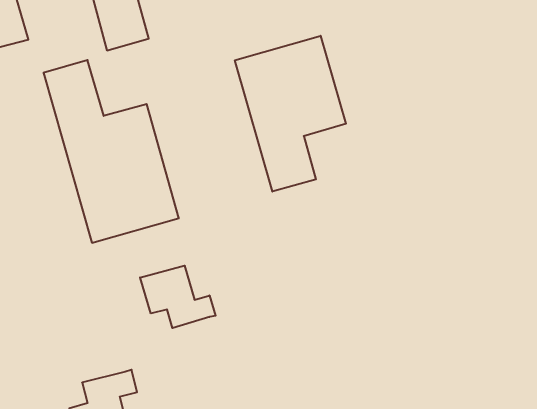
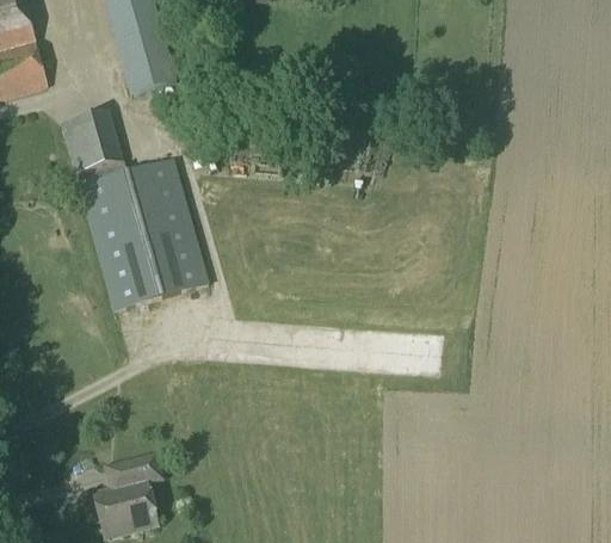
building: [235,36,346,192] -> none
building: [140,266,216,328] -> none

